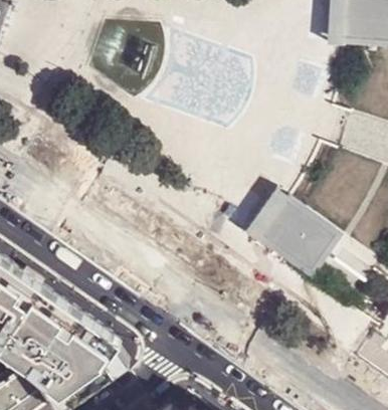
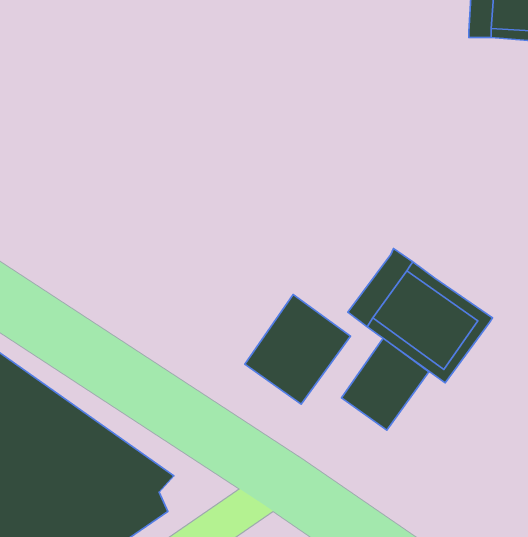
building: none -> [245,295,350,404]
building: none -> [341,338,429,430]

